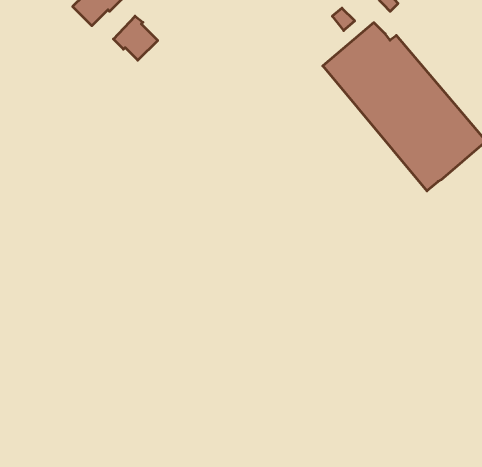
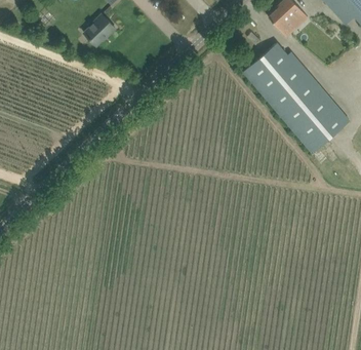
building: [113,16,158,60] -> none

